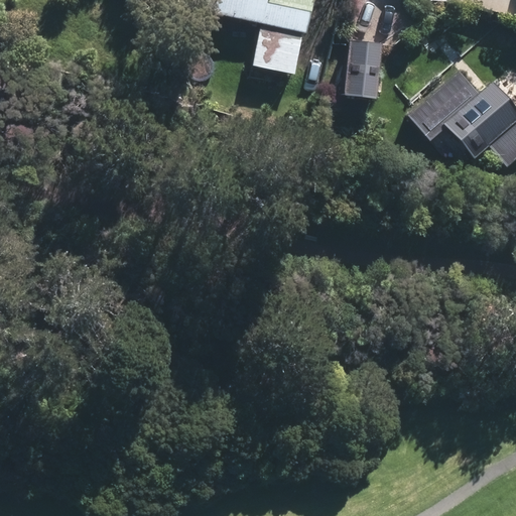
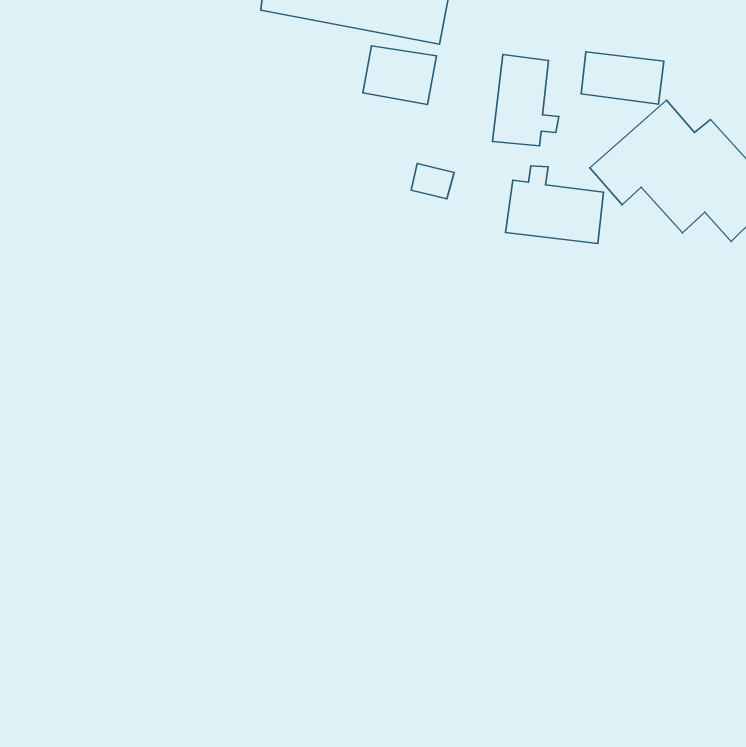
building: none -> [581,52,664,104]
building: none -> [505,166,603,244]

